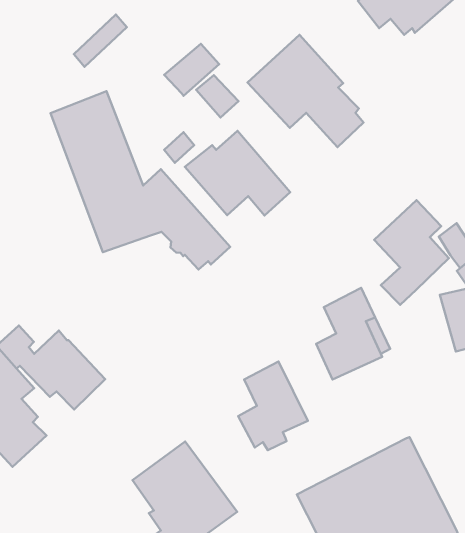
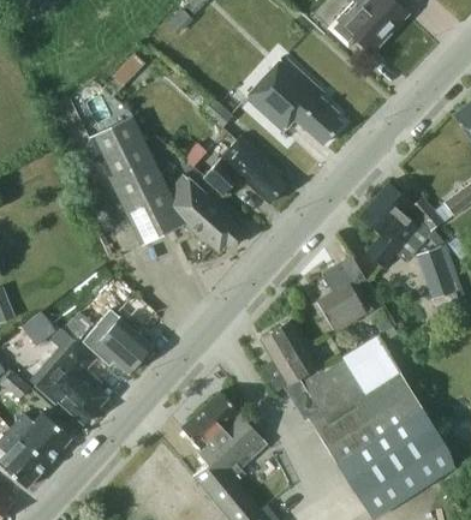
building: [164,44,219,96] -> none
building: none -> [287,337,398,425]

